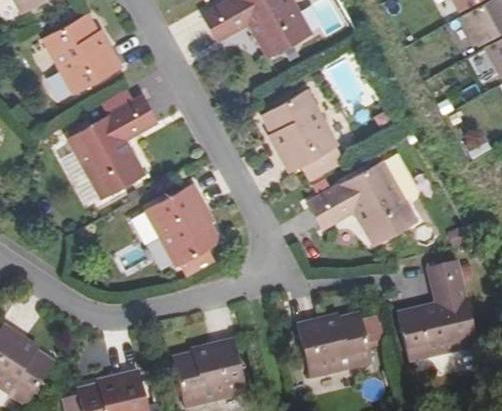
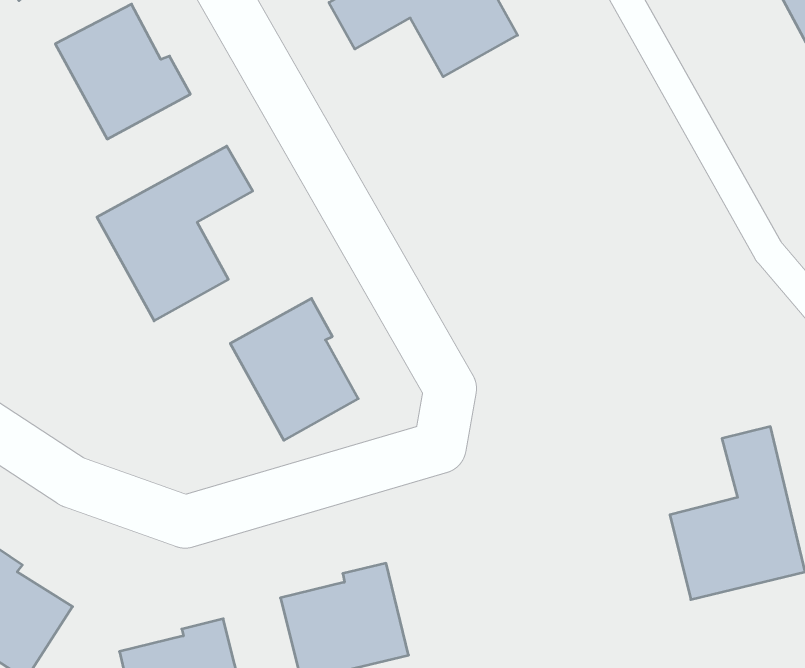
building: [261,91,336,173] -> none
building: [307,161,416,245] -> none
building: [298,314,372,377] -> none

